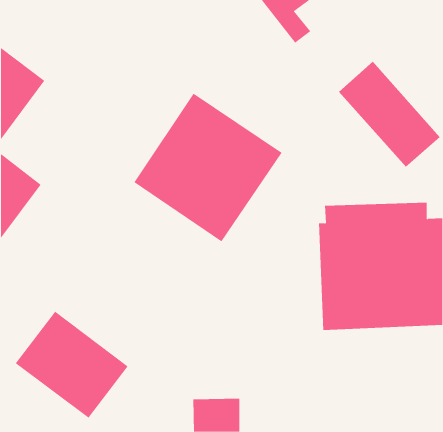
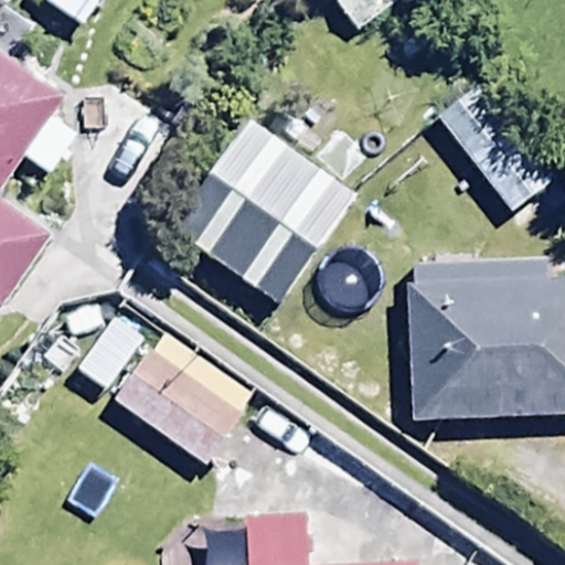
building: [15,311,129,419] -> [109,332,254,469]

